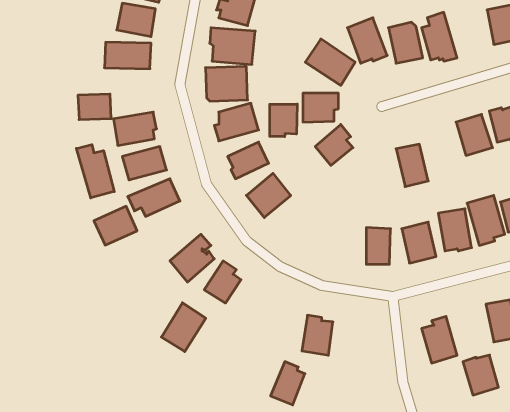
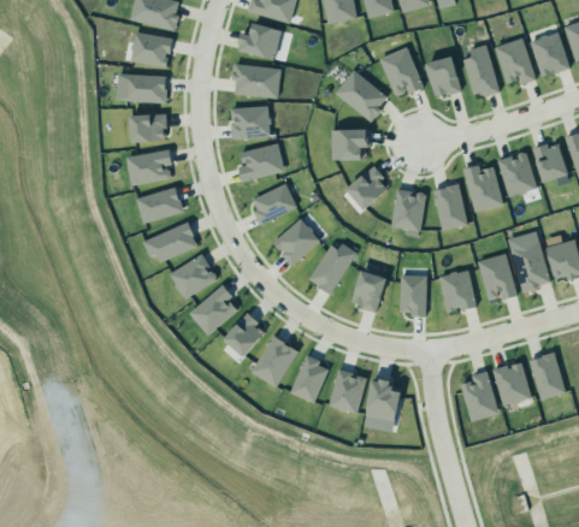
building: none -> [496,39,534,83]
building: [78,94,111,120] -> [131,113,167,141]
building: [270,104,297,137] -> none
building: none -> [463,165,503,212]
building: [76,145,114,198] -> none
building: none -> [389,186,425,229]
building: none -> [307,241,355,291]
building: [94,206,137,245] -> [170,255,217,297]
building: none -> [351,266,388,310]
building: [161,303,206,352] -> [252,334,300,387]
building: none -> [367,378,401,420]
building: [463,355,498,395] -> [494,362,532,405]
building: [271,362,305,405] -> [291,355,329,402]

